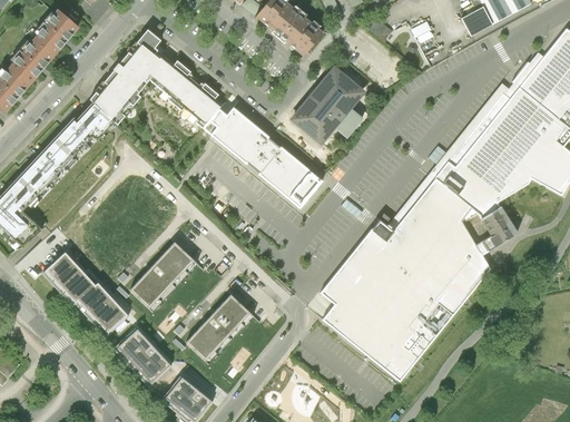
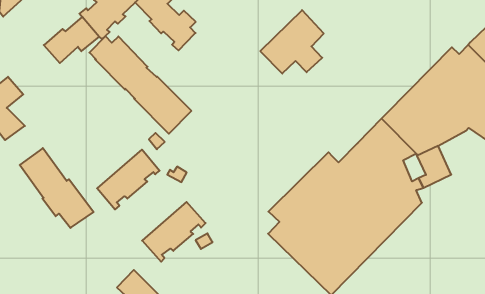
building: [203,106,322,207] -> [89,36,191,134]
building: [18,137,73,194] -> none
building: [116,326,170,383] -> none

